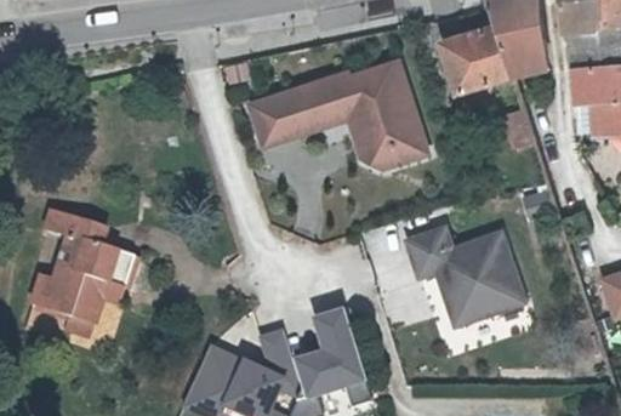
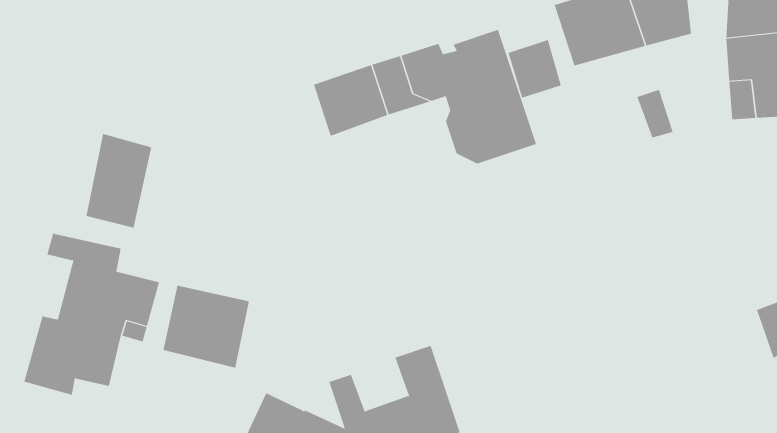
building: none -> [508,39,561,98]
building: none -> [86,133,152,229]
building: [406,229,522,324] -> none
building: none -> [163,285,250,368]

